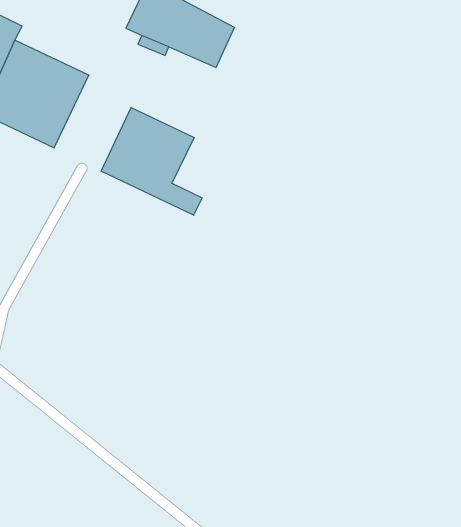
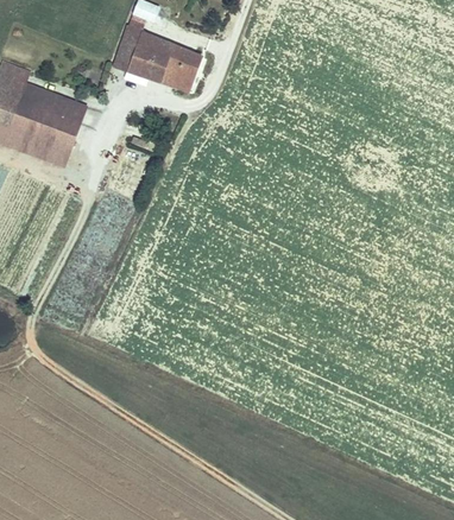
building: [101,107,202,215] -> none

